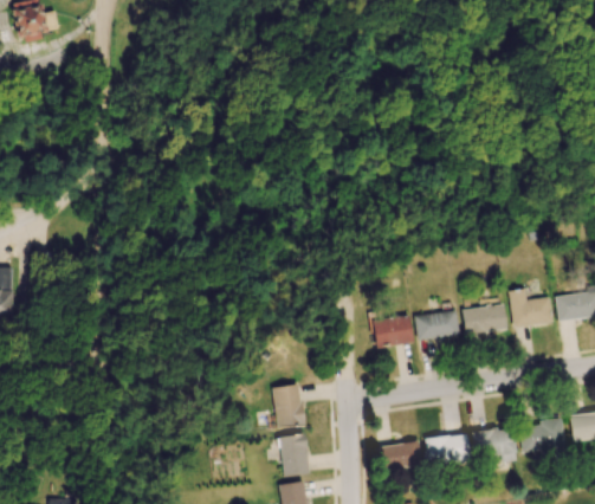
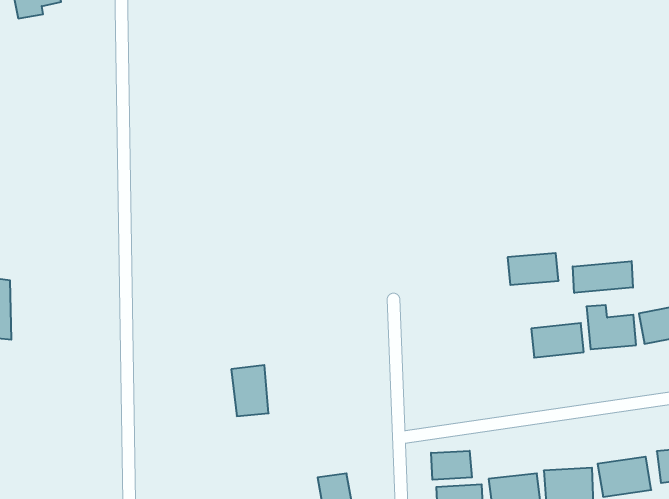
building: none -> [573,261,633,293]
building: [416,311,460,338] -> [508,253,559,285]
building: [373,315,414,348] -> none
building: [273,383,305,427] -> [231,365,269,416]
building: none -> [431,451,472,480]

